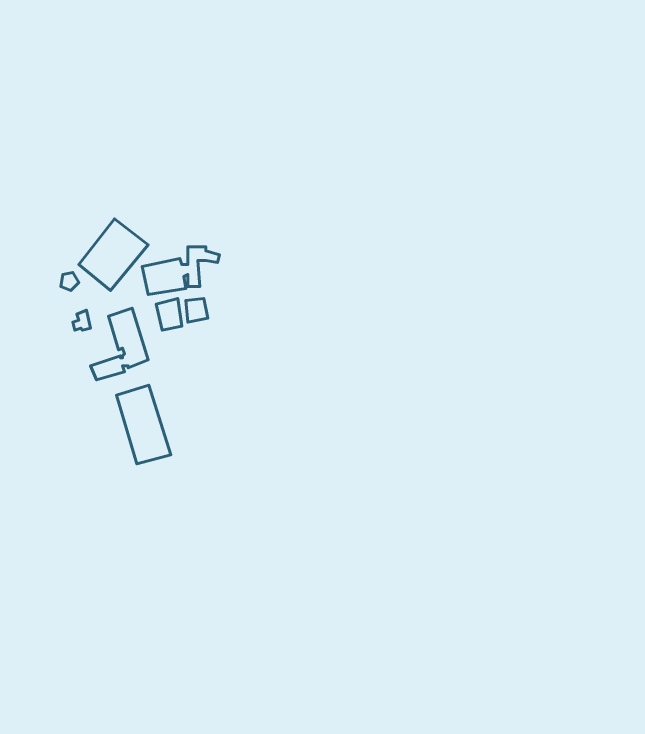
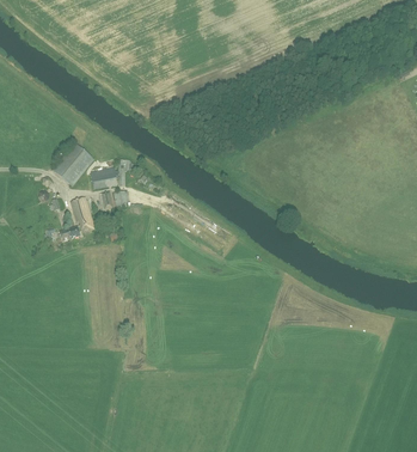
building: [117,385,171,464] -> none

